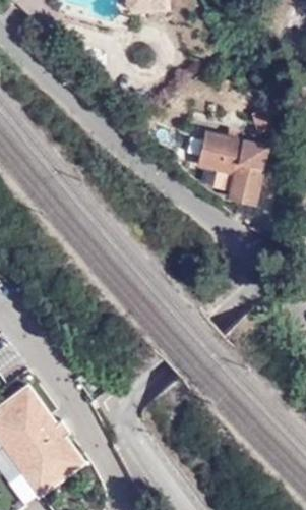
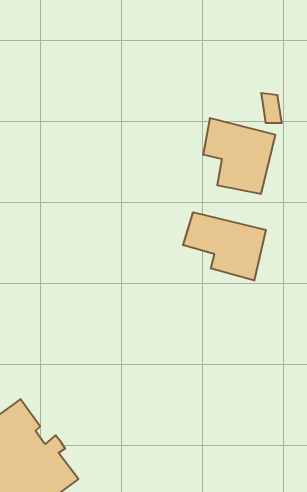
building: none -> [183,212,266,281]

